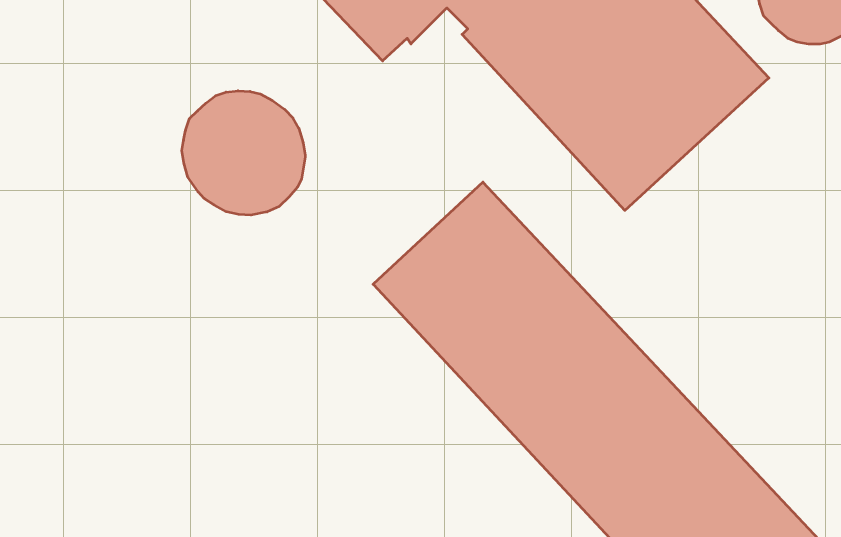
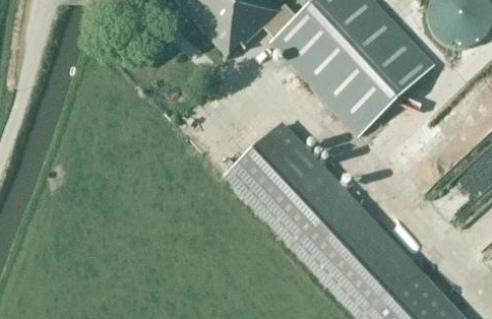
building: [182,91,305,215] -> none

